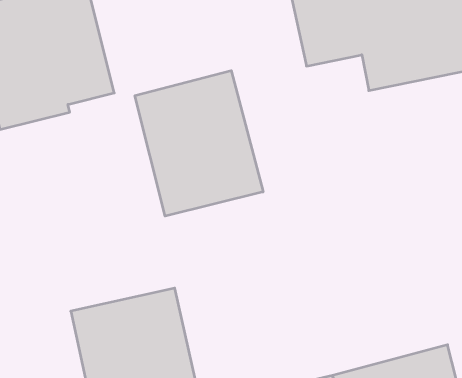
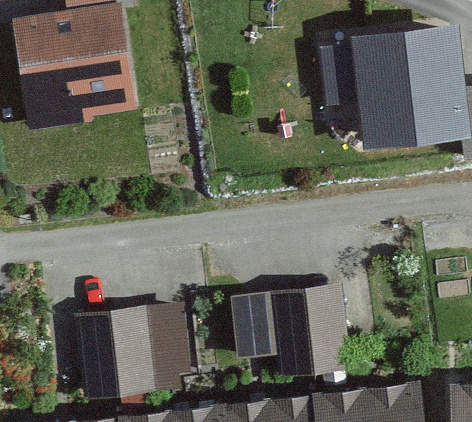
building: [135,71,263,216] -> none
building: none -> [229,285,353,378]

